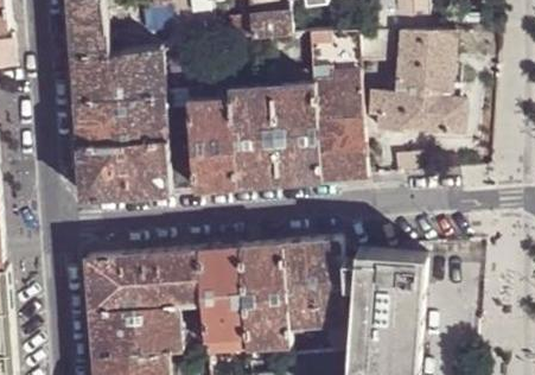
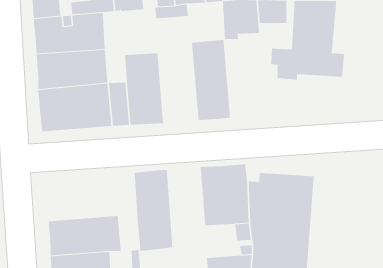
building: [311,75,365,182] -> none
building: [227,87,278,189] -> none
building: [240,243,287,348] -> none
building: [84,250,200,312] -> none

